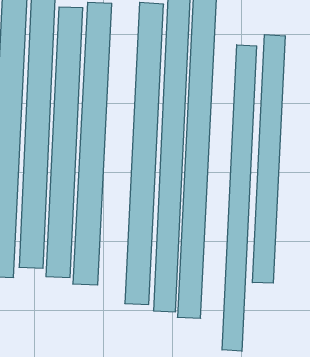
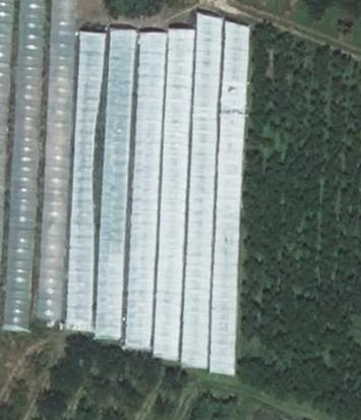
building: none -> [125,34,163,349]
building: [252,35,285,283] -> none
building: [222,45,257,351] -> none

